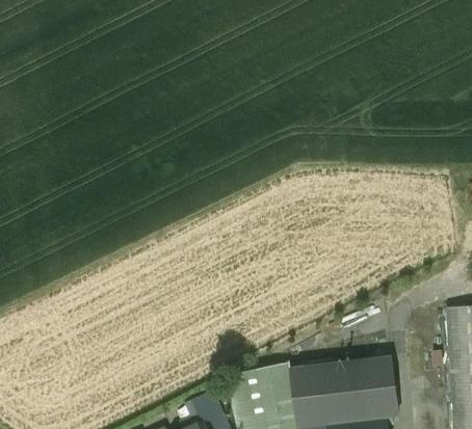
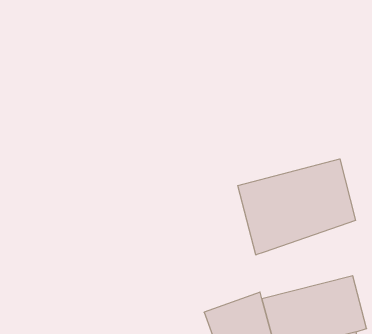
building: none -> [238,159,355,255]

